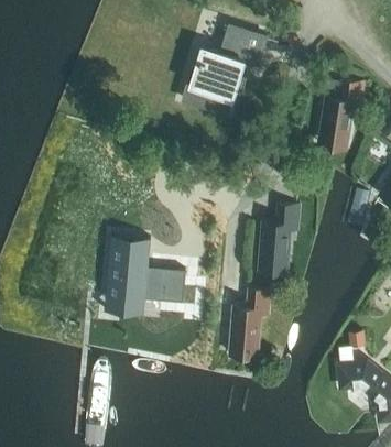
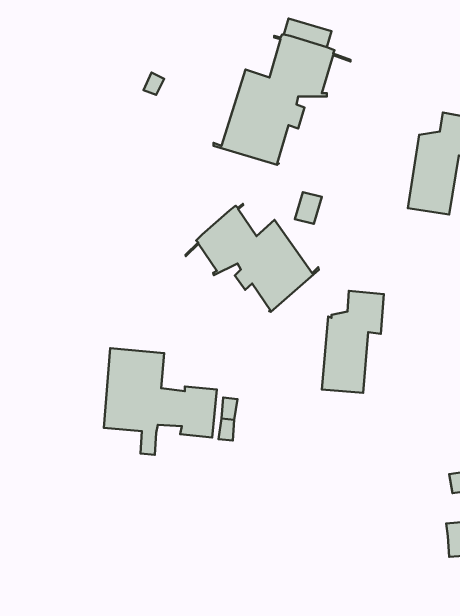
building: none -> [185,204,319,312]
building: [227,288,270,359] -> none

